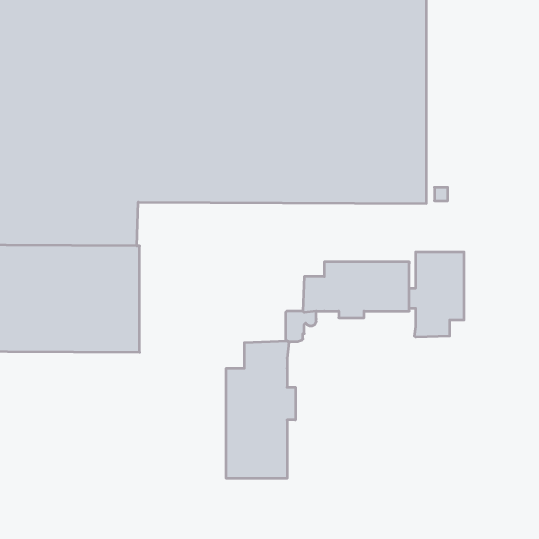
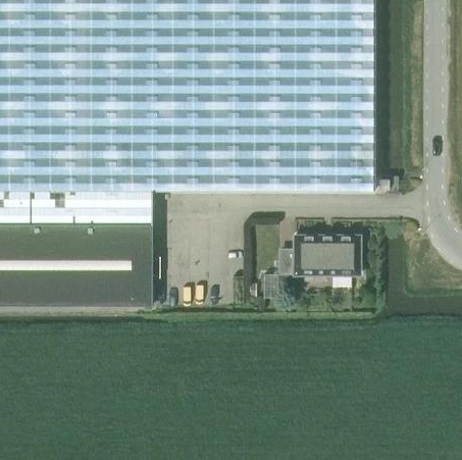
building: [409,252,464,337] -> none
building: [226,341,295,478] -> none

